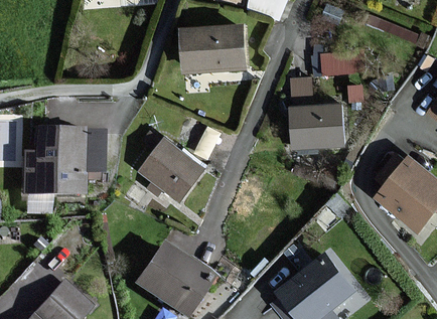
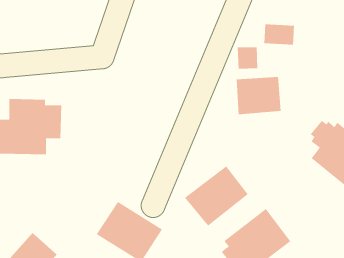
building: [181,26,245,71] -> none
building: [142,140,203,199] -> none
building: none -> [184,165,249,226]

